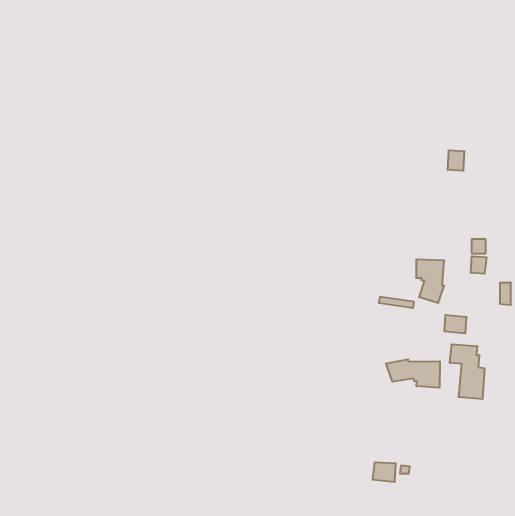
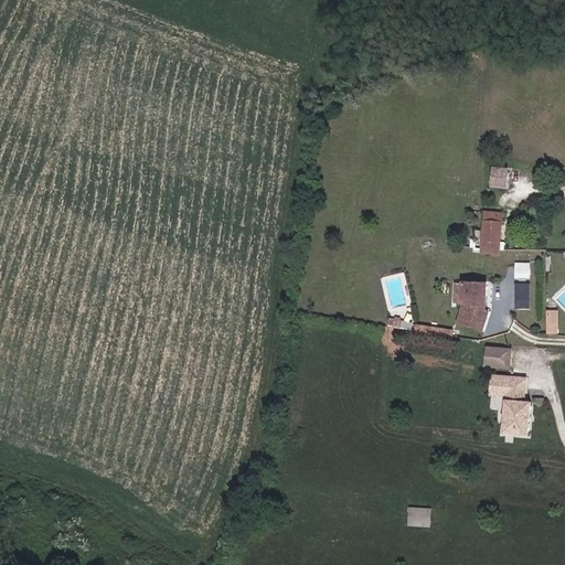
building: none -> [480,212,501,254]
building: [386,359,440,388] -> none

